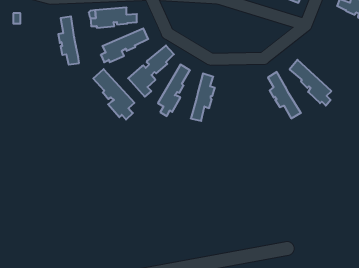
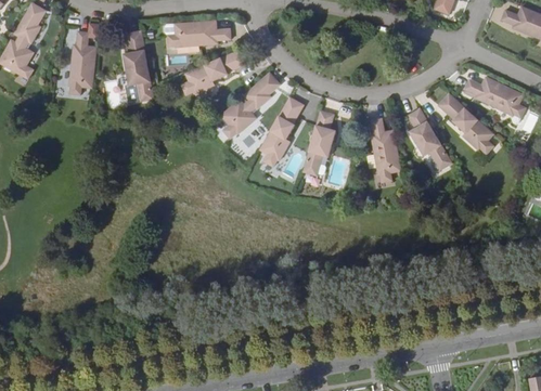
building: none -> [68,23,99,94]
building: none -> [465,69,526,110]
building: [93,69,134,120] -> none
building: none -> [371,116,400,181]

